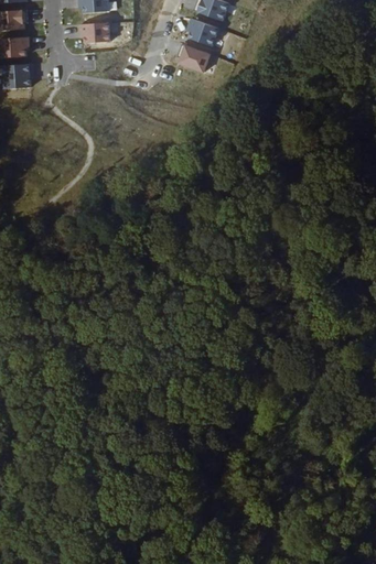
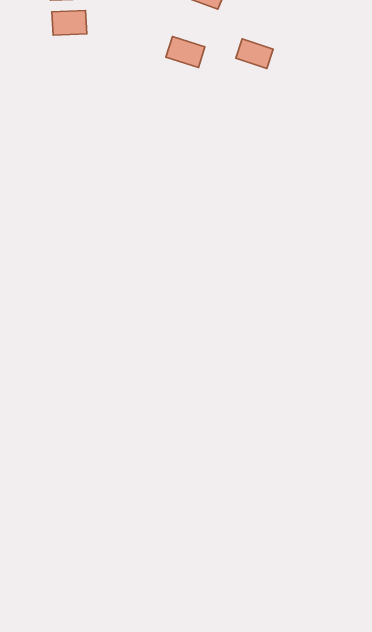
building: [186,18,218,43] -> [236,39,273,69]

